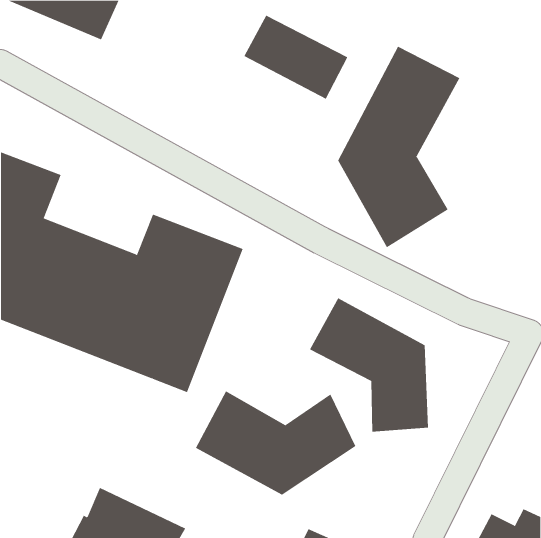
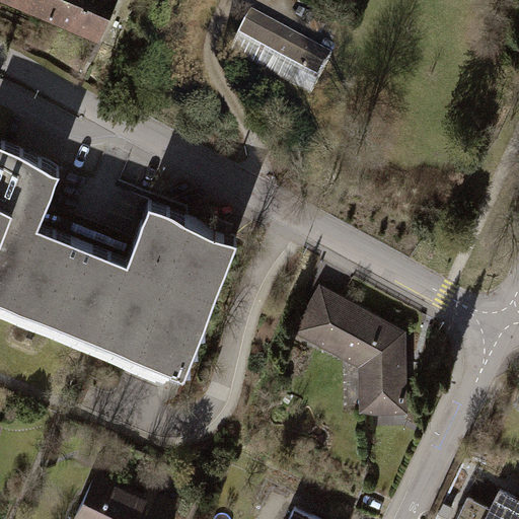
building: [338,46,460,248] -> none
building: [195,391,356,495] -> none

